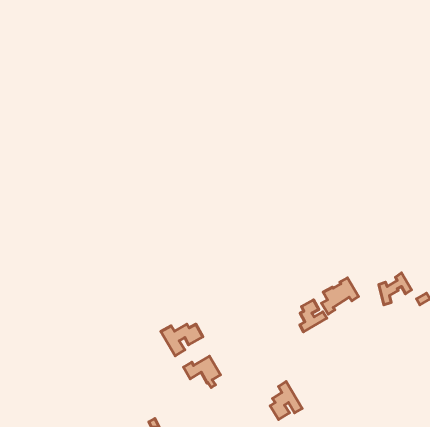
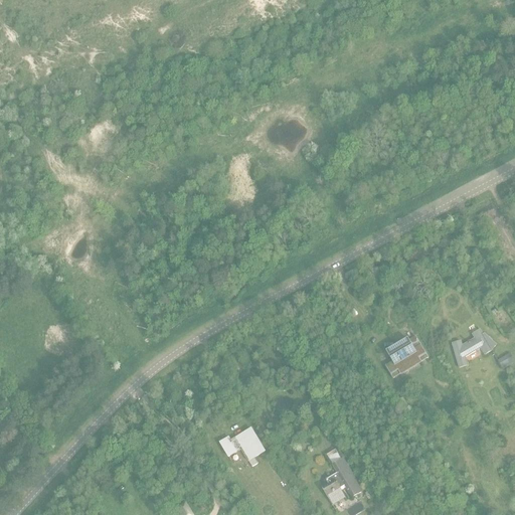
building: [300,300,327,332] -> none
building: [161,324,203,356] -> none

